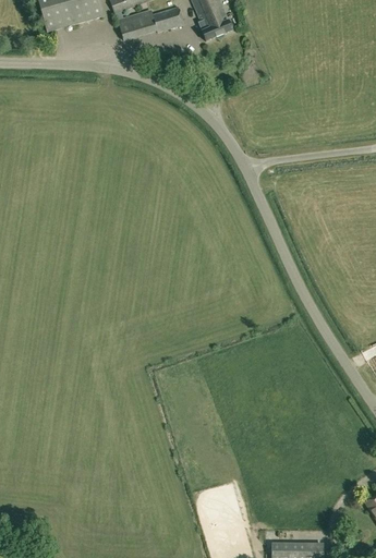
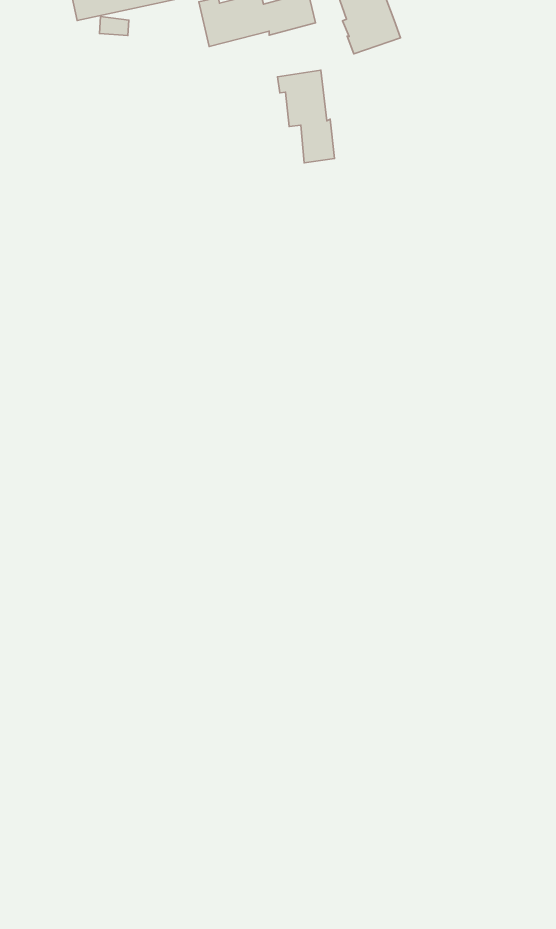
building: none -> [278,70,334,163]

